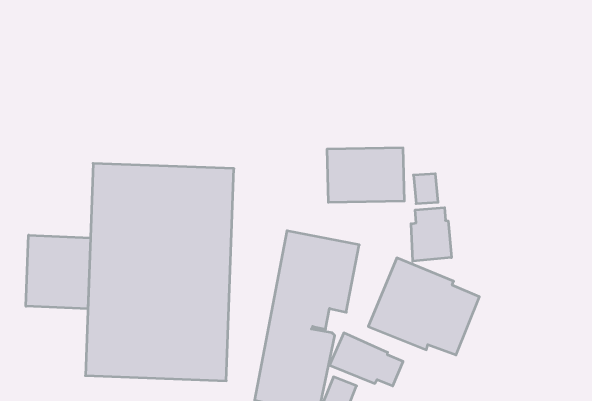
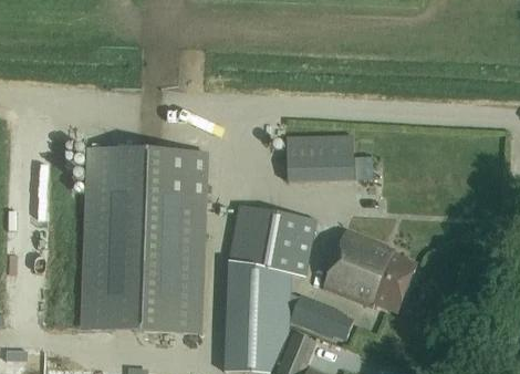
building: [411,208,451,261] -> none
building: [26,235,90,309] -> none

